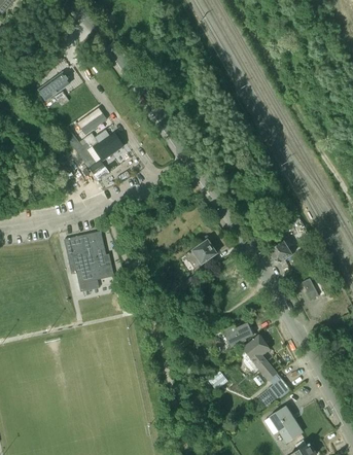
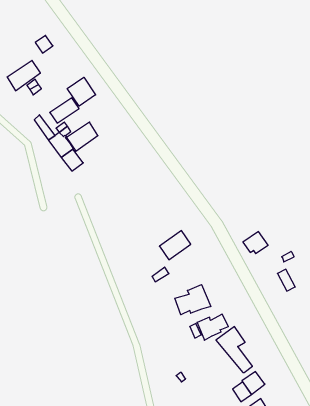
building: none -> [67,77,96,106]
building: [64,230,114,283] -> none
building: none -> [175,285,211,315]

